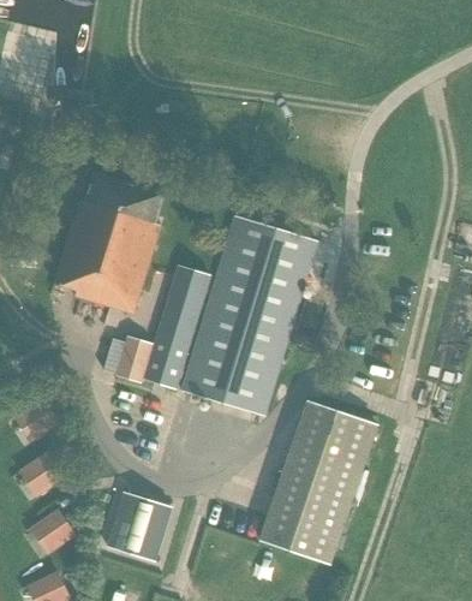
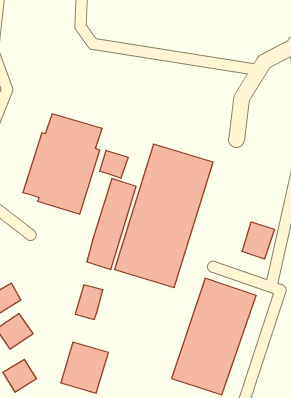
building: none -> [100,150,128,178]
building: none -> [242,222,274,259]
building: [113,339,151,387] -> [75,285,103,319]

